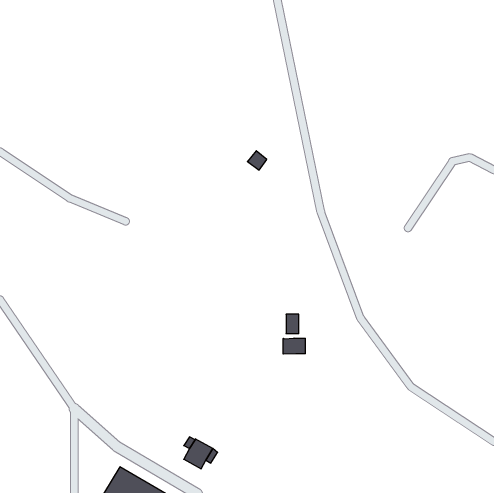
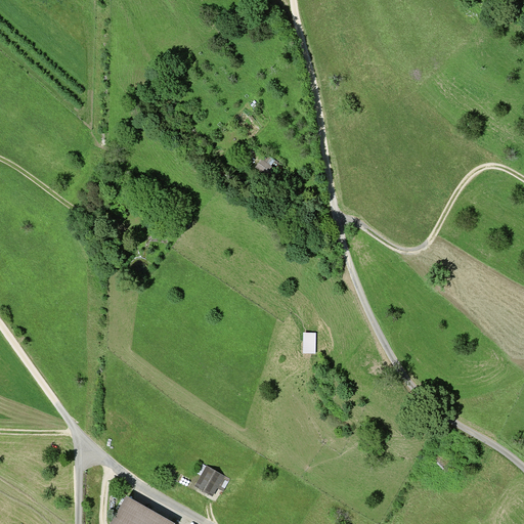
building: [283,338,305,354] -> none

